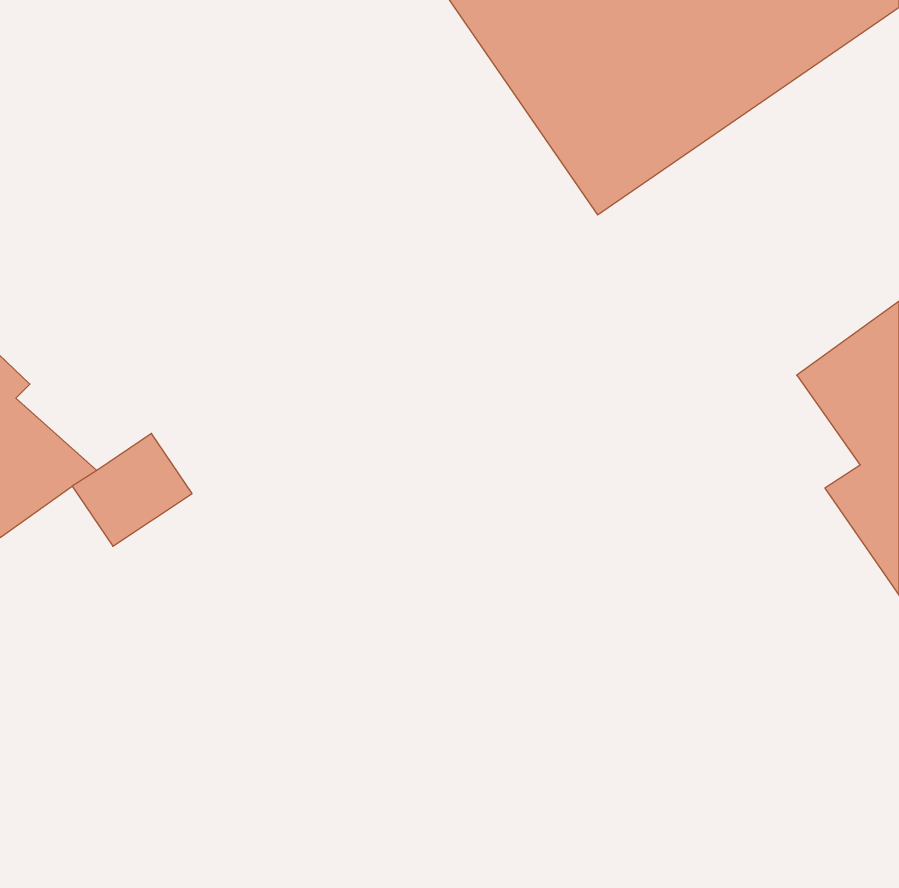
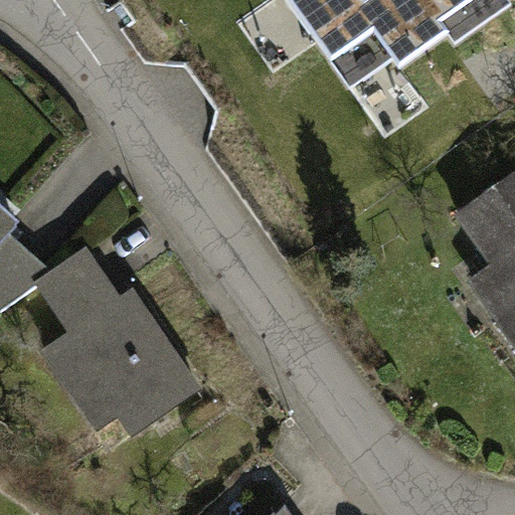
building: none -> [47,287,197,425]

